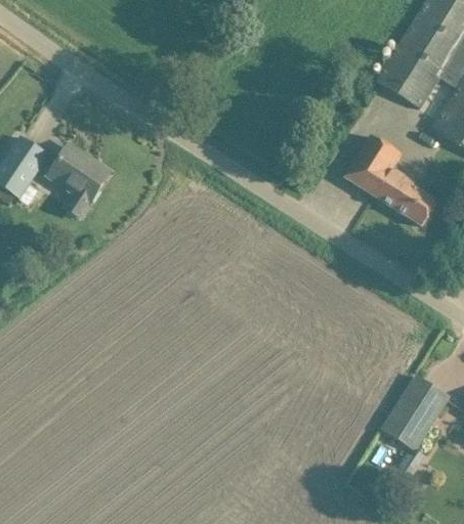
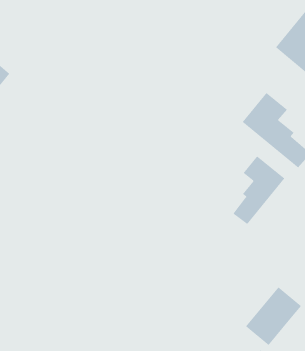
building: [49,147,111,219] -> none
building: none -> [233,155,285,225]

